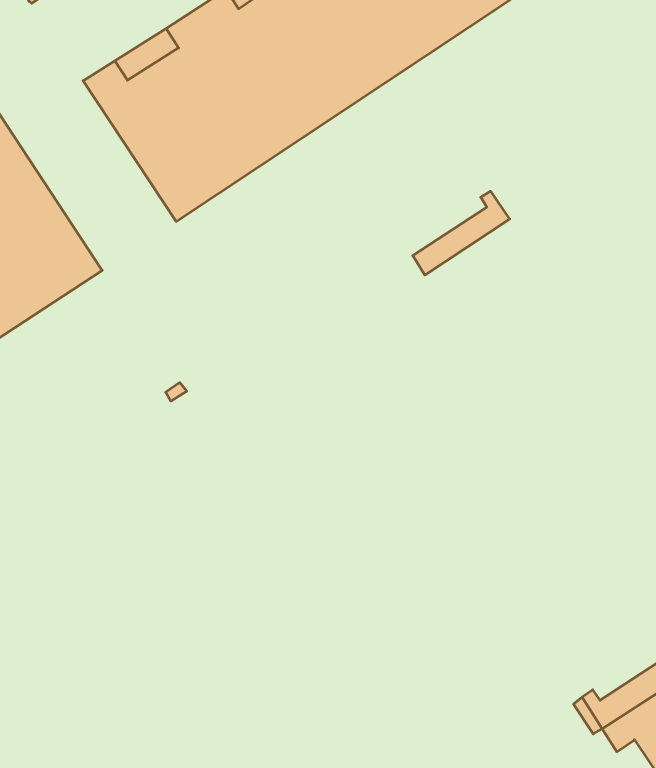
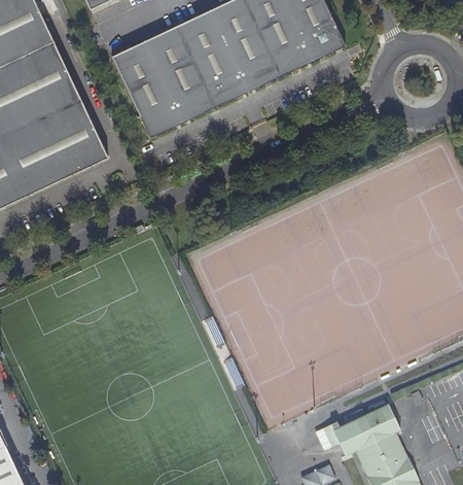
building: [413,191,510,275] -> none

